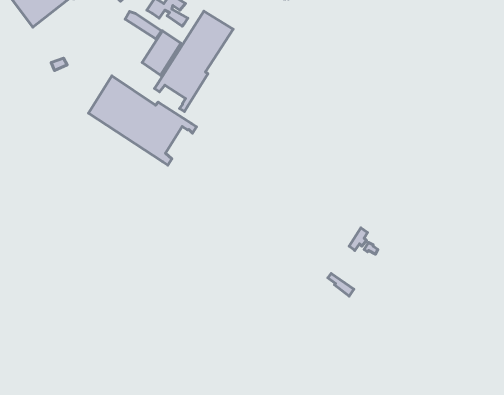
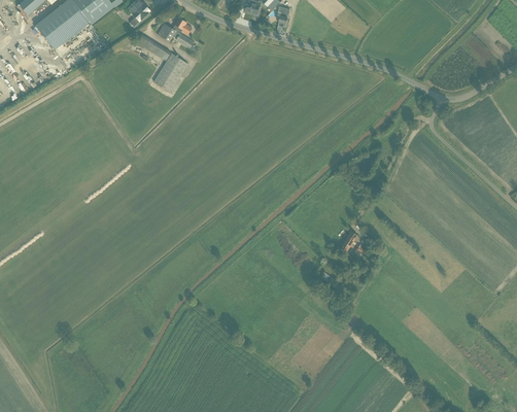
building: [155,11,233,111] -> none
building: [88,76,196,165] -> none

